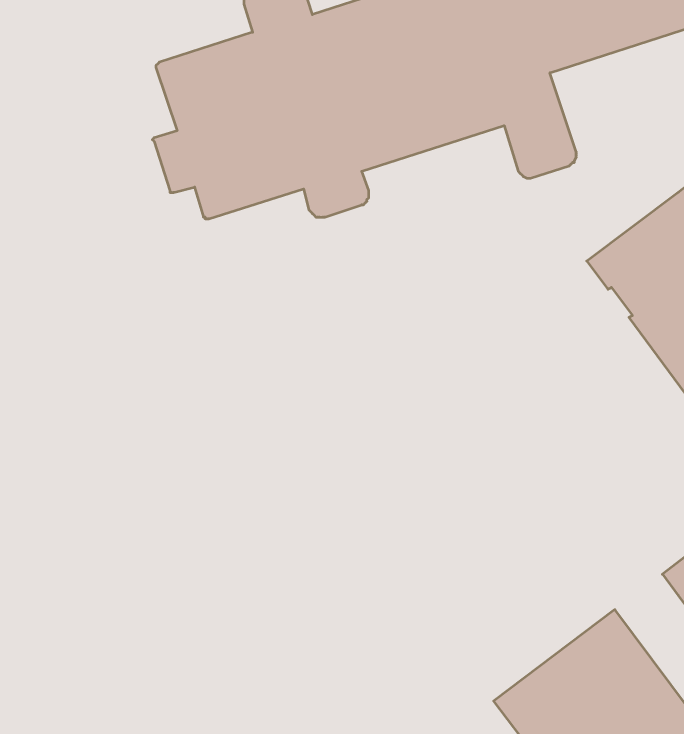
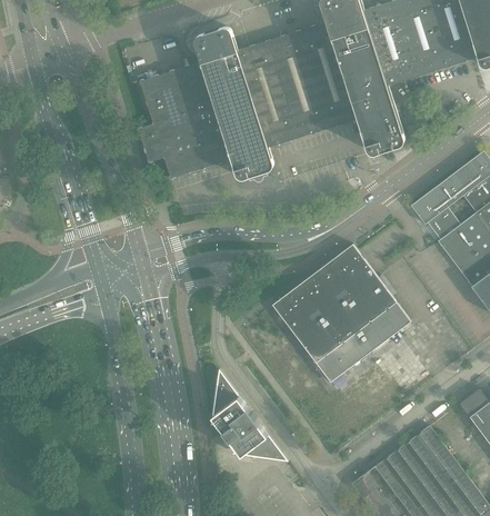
building: none -> [273,244,412,381]
building: none -> [212,369,290,460]

